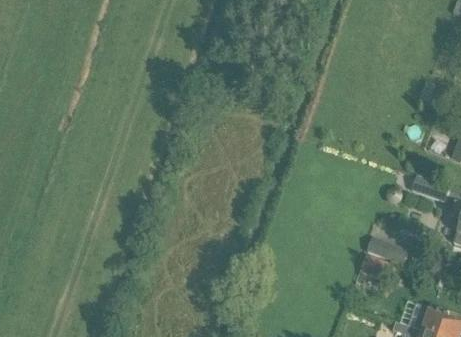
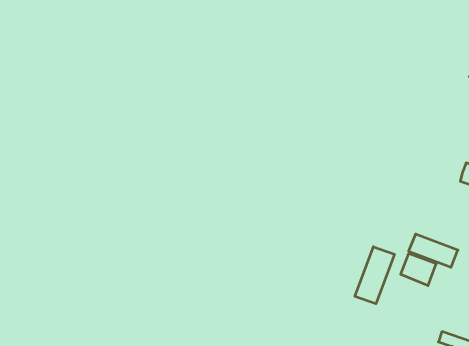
building: none -> [355,247,394,304]

